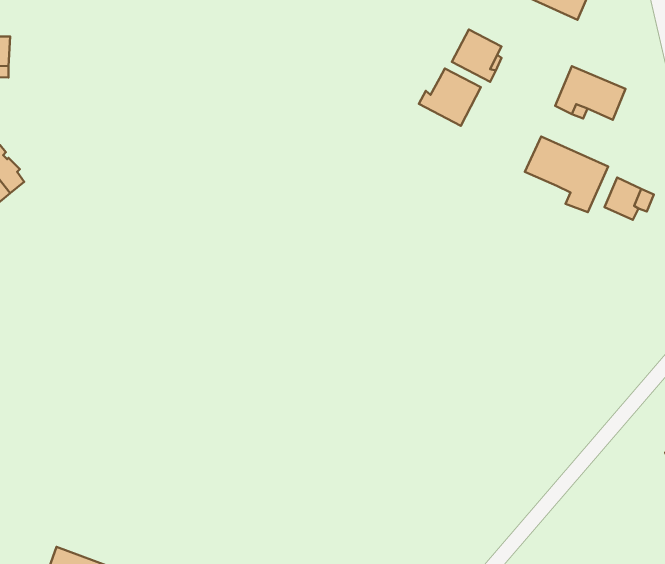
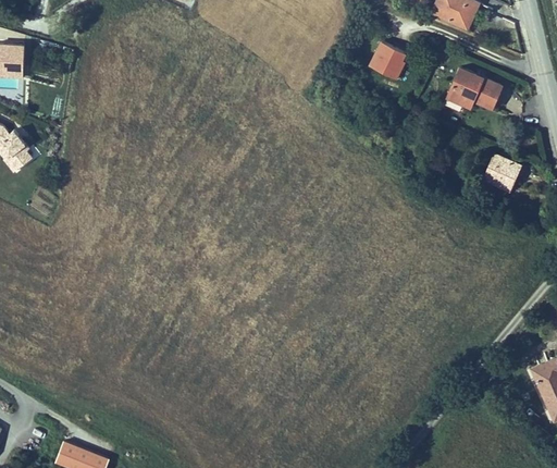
building: [419,69,481,126] -> none
building: [525,136,608,212] -> none

